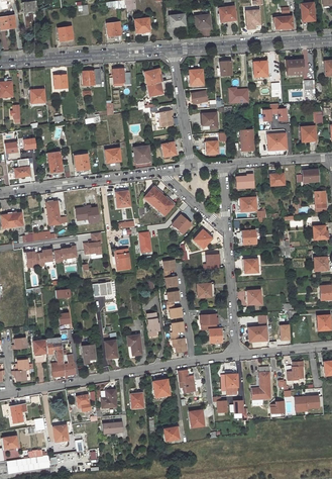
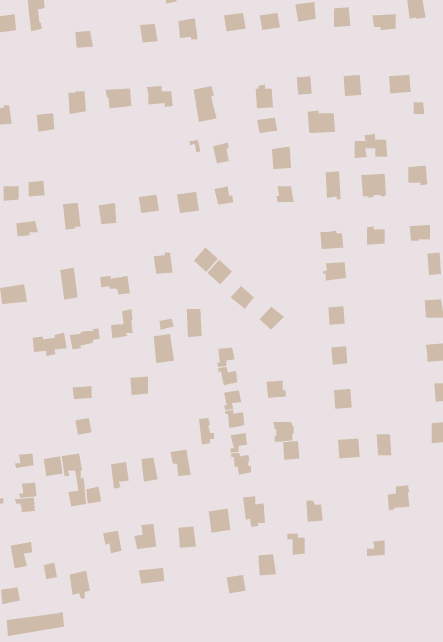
building: [251,366,271,400] -> none
building: [294,394,319,411] -> none

